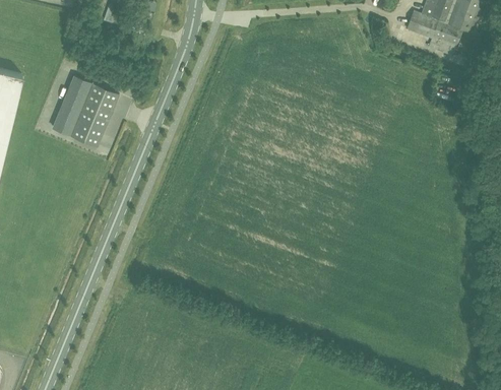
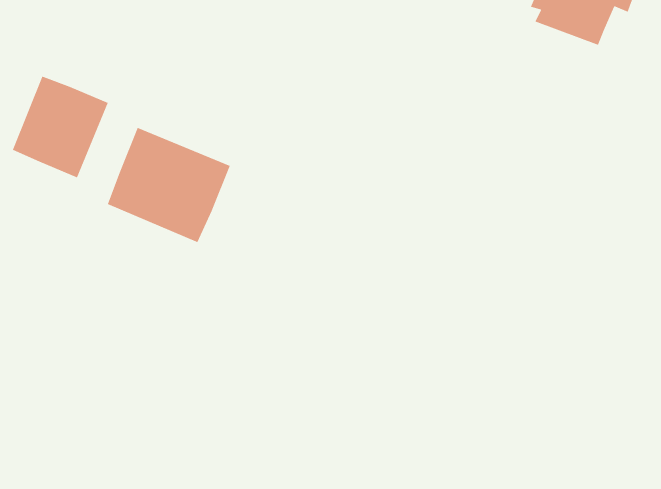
building: none -> [107,127,231,243]

